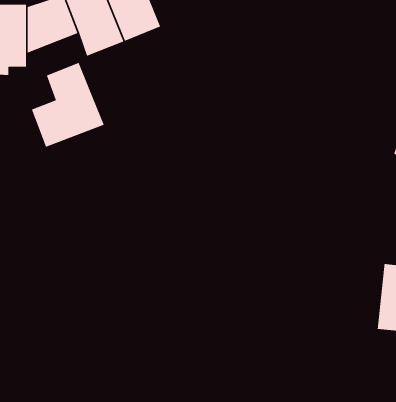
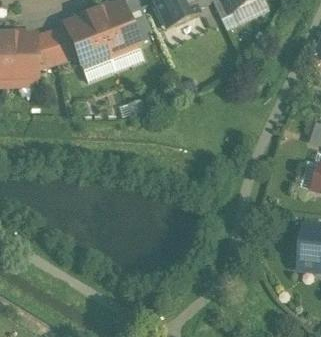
building: [31,62,105,148] -> none

